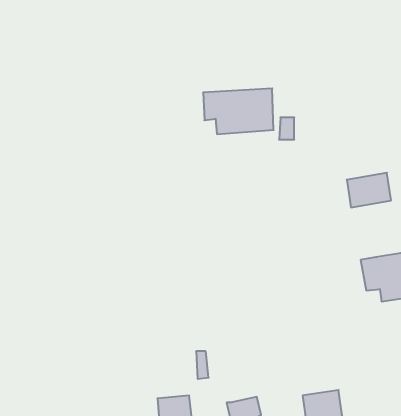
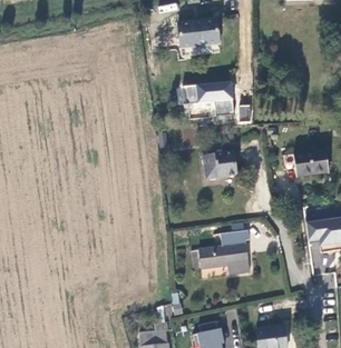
building: none -> [179,22,220,51]
building: none -> [203,151,236,179]
building: none -> [197,228,250,274]

